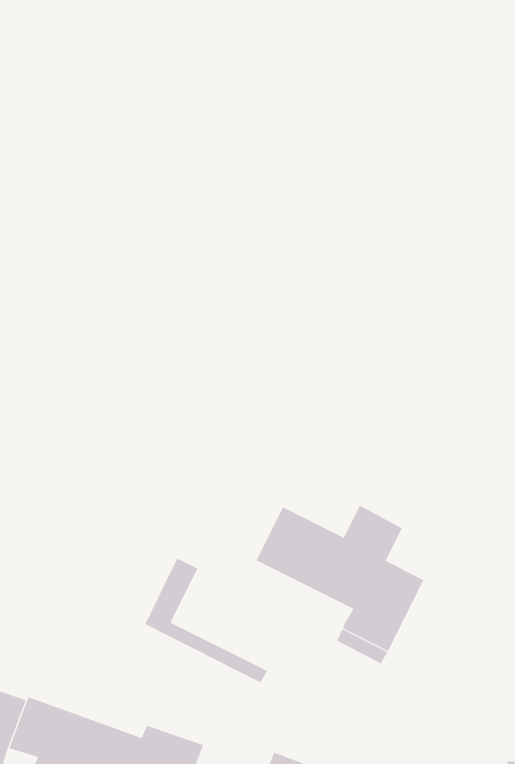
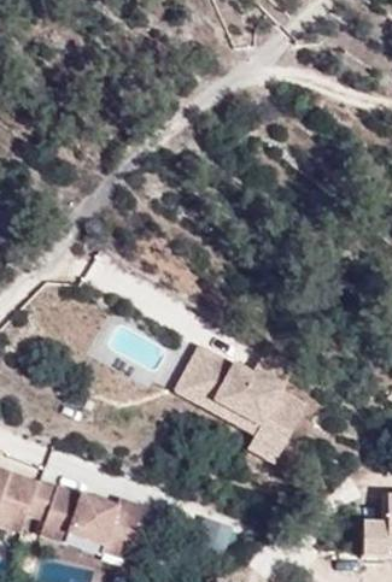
building: [144,558,268,683] -> [175,343,258,428]

